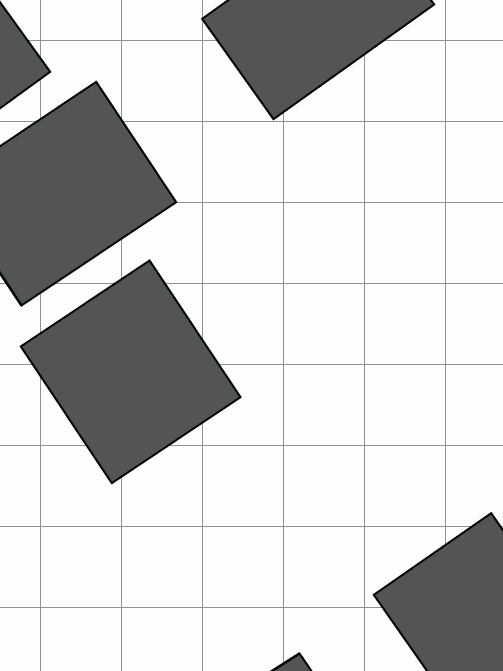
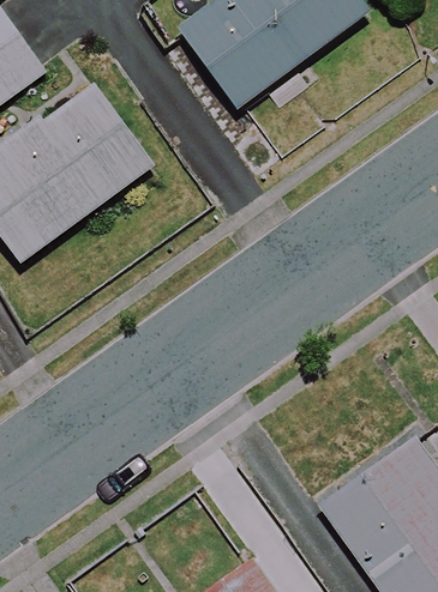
building: [21,261,241,483] -> none

